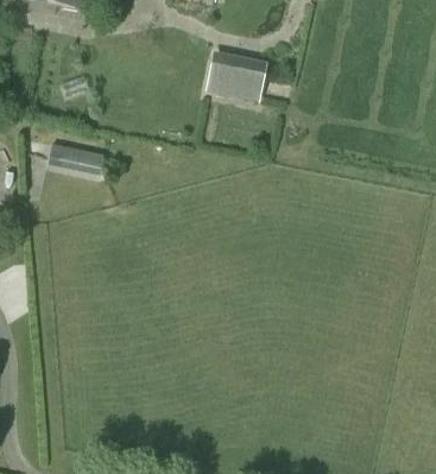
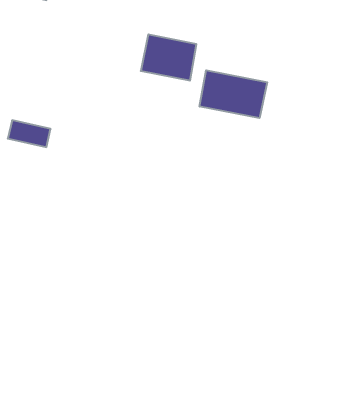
building: none -> [200,70,267,118]

